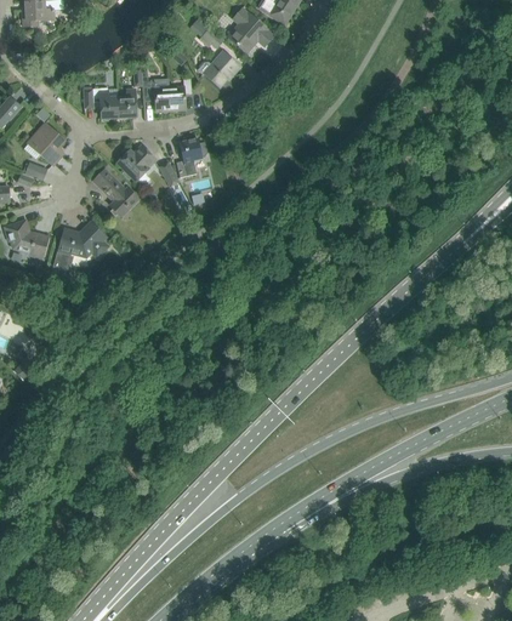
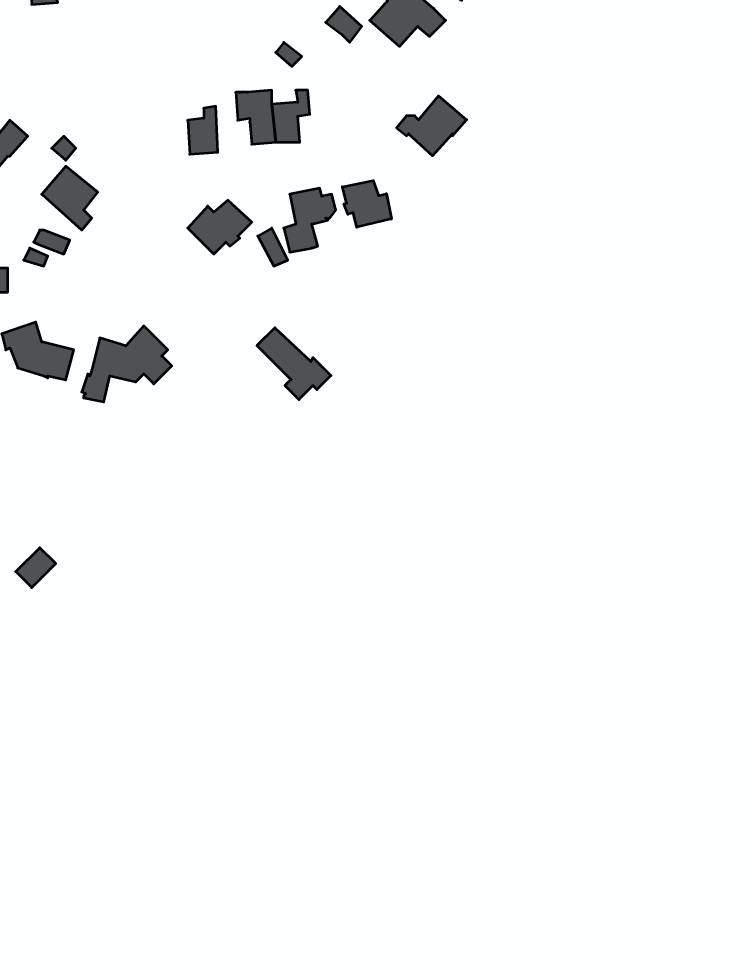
building: [198,50,240,86] -> [397,96,467,156]
building: [83,87,119,118] -> none
building: none -> [342,181,391,227]
building: [93,169,138,212] -> [257,328,331,400]

